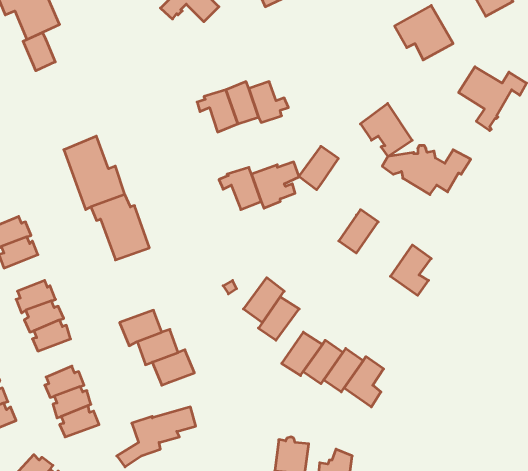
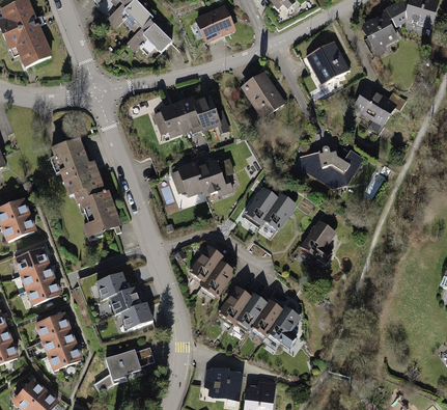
building: [23,32,55,71] -> none
building: [360,103,412,157] -> [244,74,283,114]
building: [299,146,338,190] -> [246,190,276,223]

